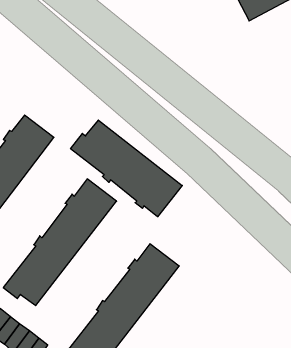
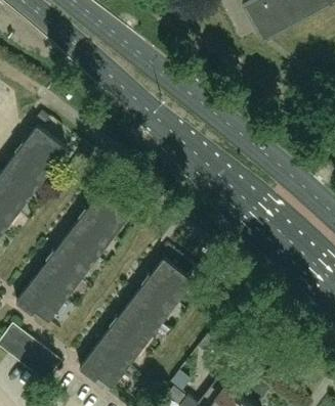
building: [71,120,182,217] -> none

